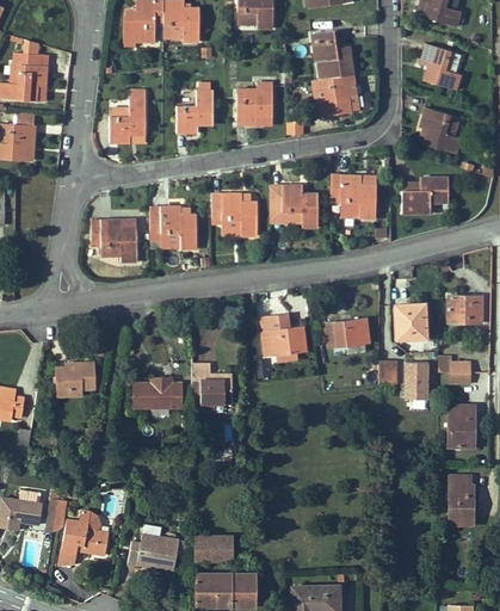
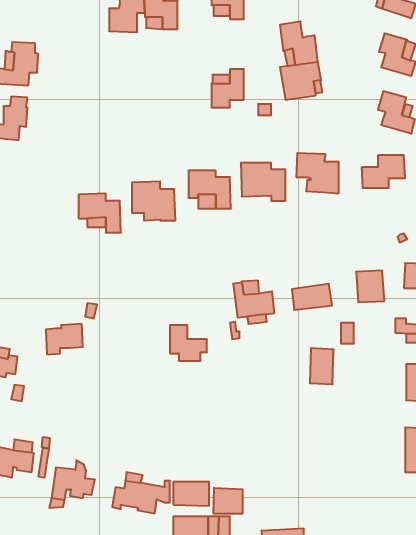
building: [177,76,212,132] -> none
building: [110,91,146,142] -> none
building: [403,358,430,397] -> [310,348,334,384]
building: [132,376,183,408] -> none
building: none -> [214,488,243,514]

